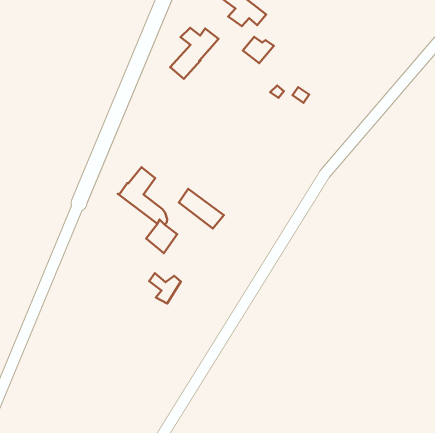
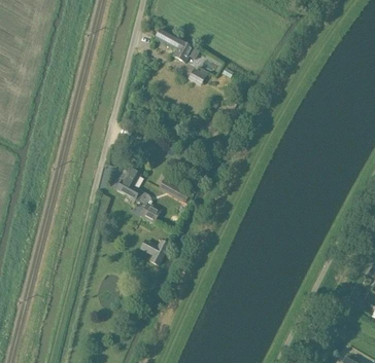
building: [170,28,218,79] -> none

